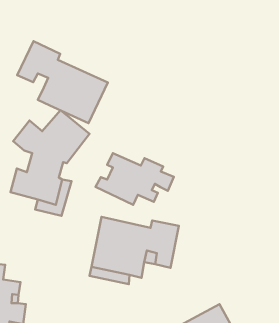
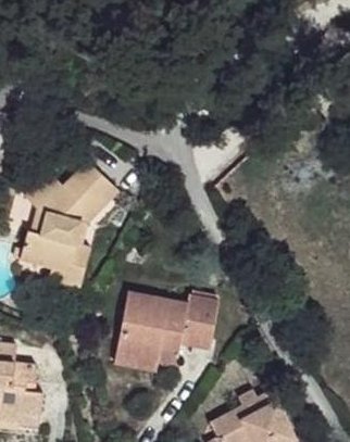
building: [17,41,108,123] -> none
building: [96,153,174,205] -> none

